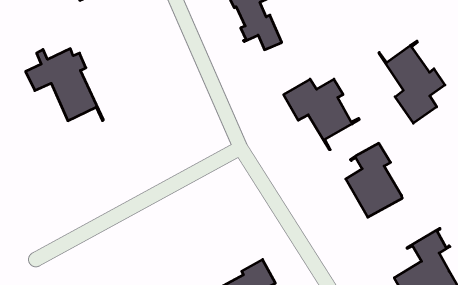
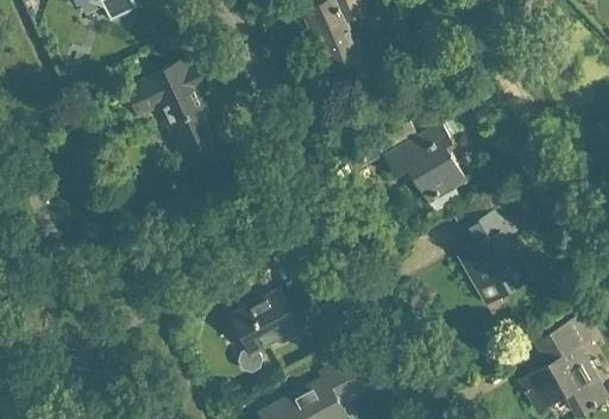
building: [379,41,445,123] -> none
building: [26,49,103,121] -> [126,60,227,154]
building: none -> [230,283,322,373]

